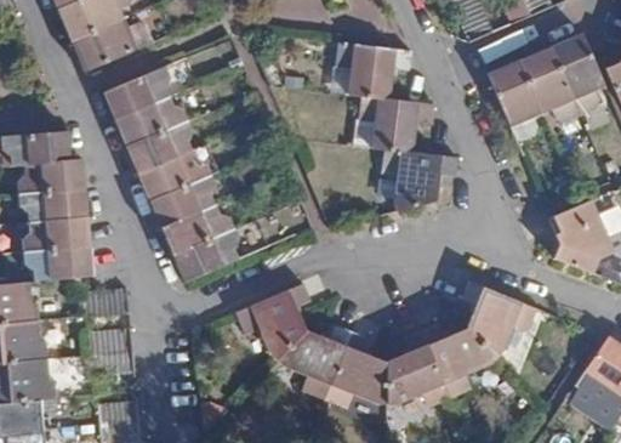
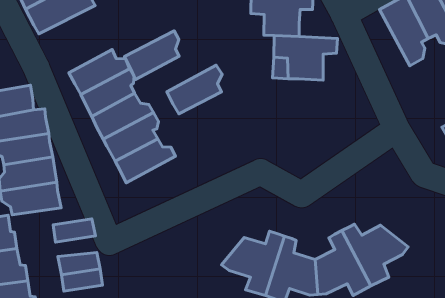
building: [104,66,170,119] -> [124,31,179,79]
building: [382,148,457,209] -> none
building: [172,227,239,280] -> [167,65,222,114]
building: [462,280,539,356] -> none
building: [234,282,309,359] -> none

